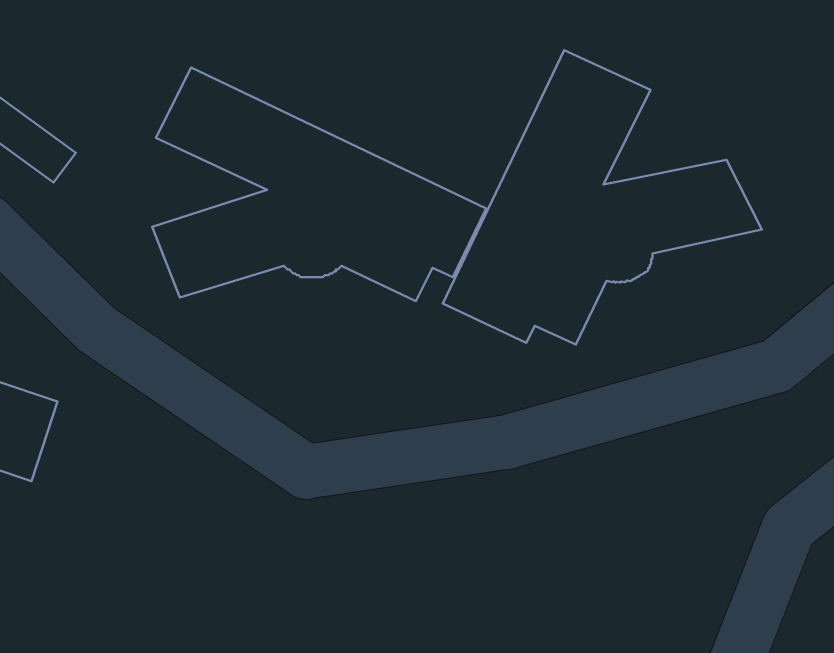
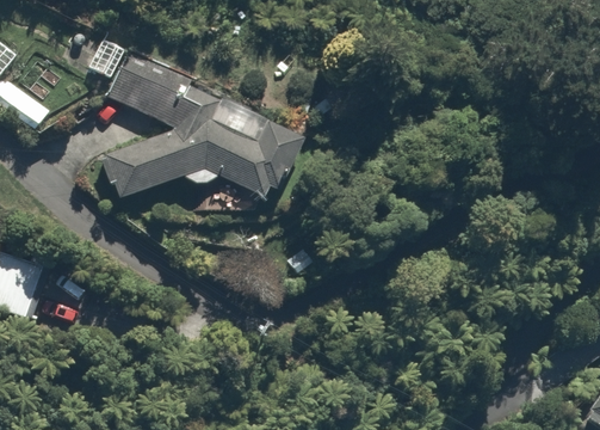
building: [443,50,762,345] -> none

